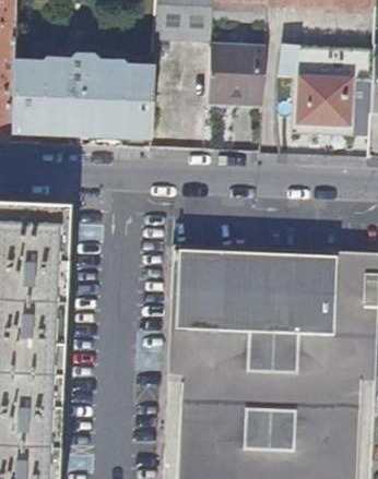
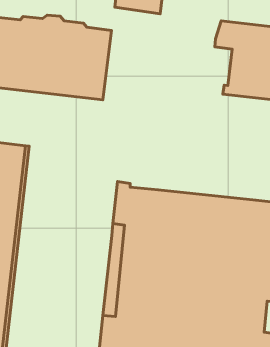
building: [208,44,265,100] -> none

